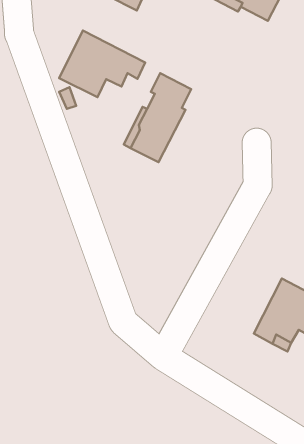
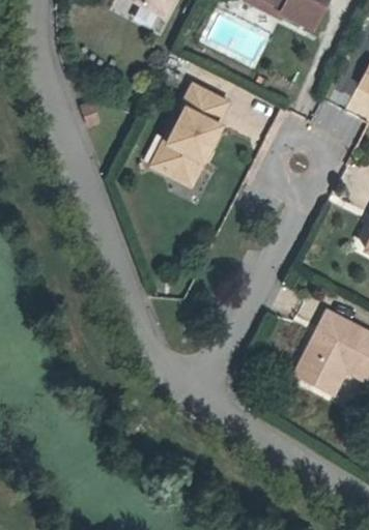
building: [59,31,145,97] -> none

